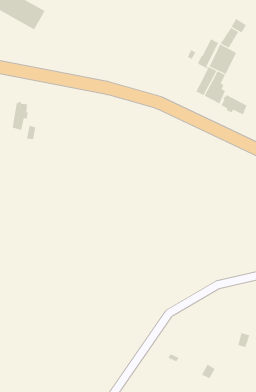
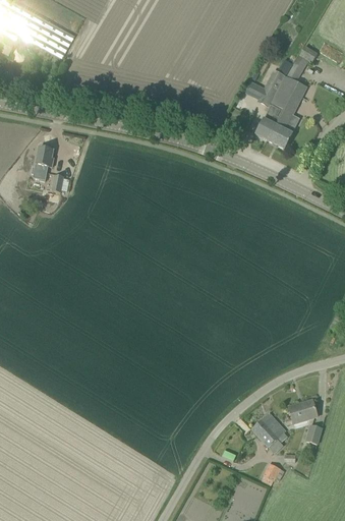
building: [221,94,247,115] -> none
building: none -> [288,399,318,422]
building: none -> [251,411,288,453]

